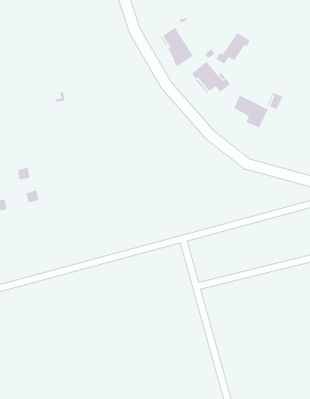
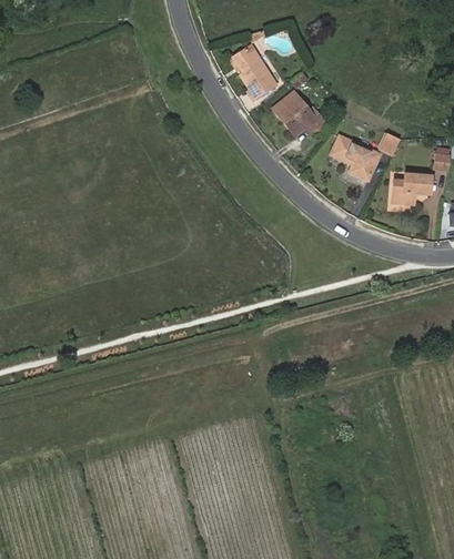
building: [215,32,251,65] -> none
building: none -> [392,171,431,202]

